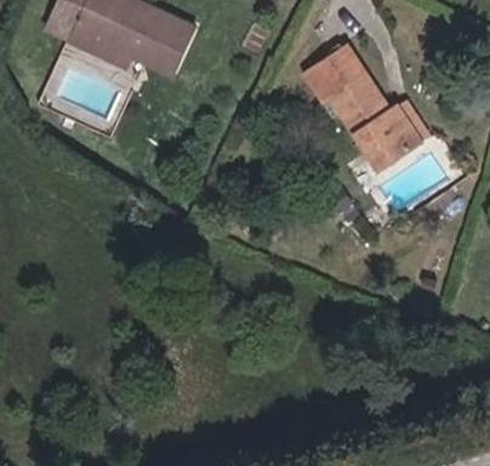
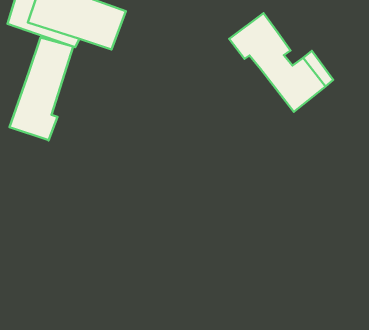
building: none -> [9,37,73,141]

